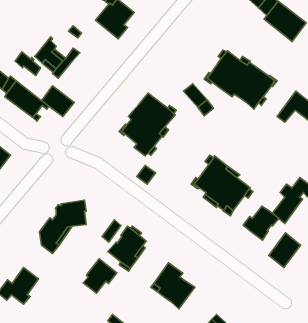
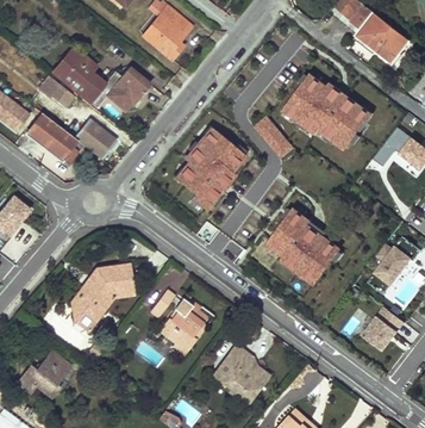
building: none -> [52,46,86,82]
building: none -> [107,68,150,111]
building: [243,206,279,240] -> none
building: [83,259,117,293] -> none

